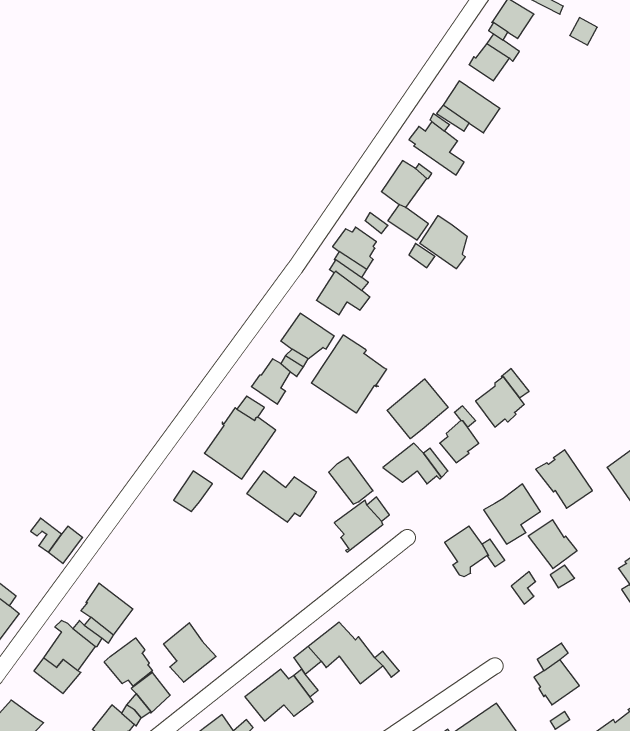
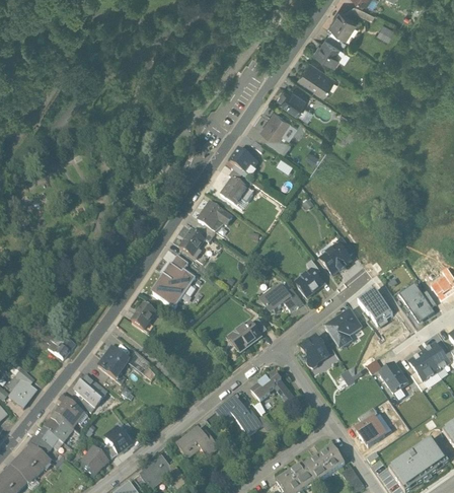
building: [420,216,467,269] -> none
building: [311,335,387,413] -> none
building: [387,379,448,439] -> none
building: [329,457,373,504] -> none
building: [247,471,316,522] -> none
building: [528,520,577,569] -> [379,362,409,393]
building: none -> [98,344,129,373]
building: none -> [251,370,294,402]
building: [164,623,216,682] -> none
building: [104,638,152,686] -> none
building: none -> [30,425,59,454]

